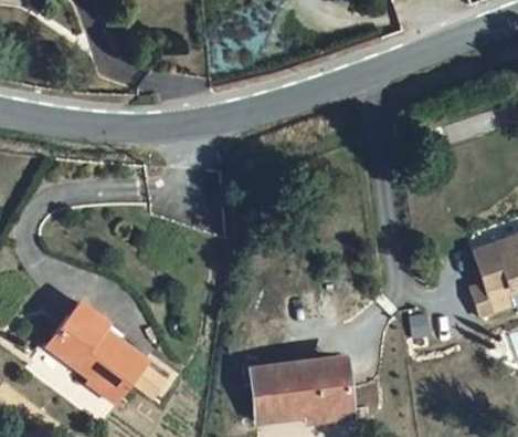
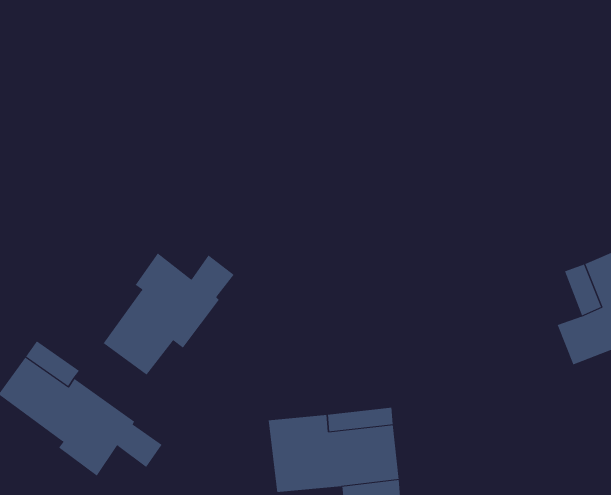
building: none -> [103,253,235,375]

